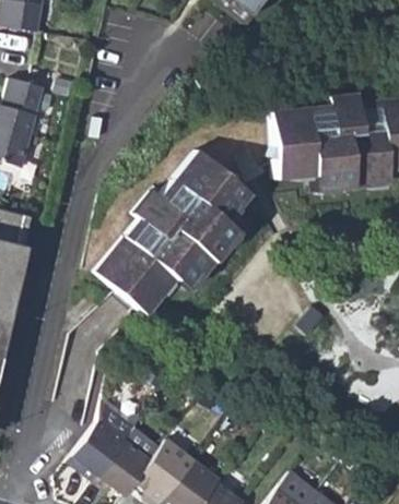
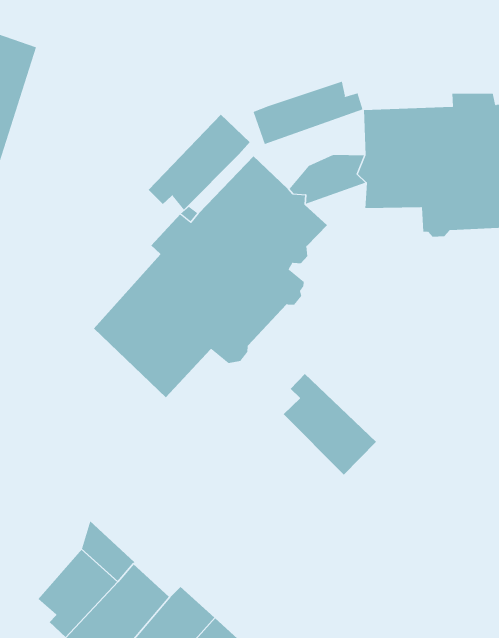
building: none -> [253,81,363,145]
building: none -> [148,114,250,210]
building: none -> [283,373,377,475]

